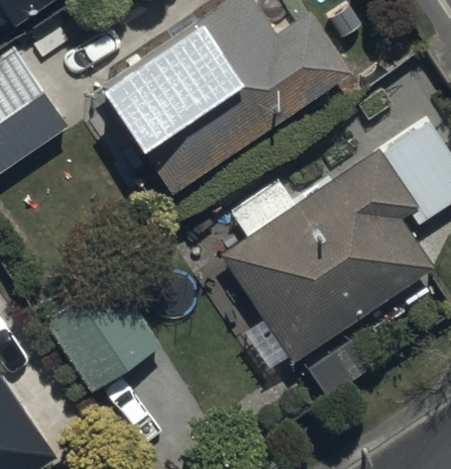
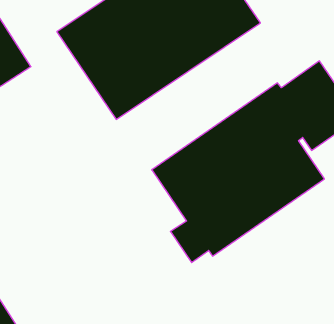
building: [40,273,160,394] -> none

